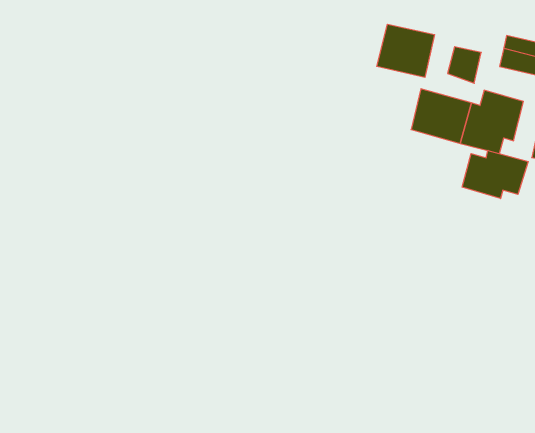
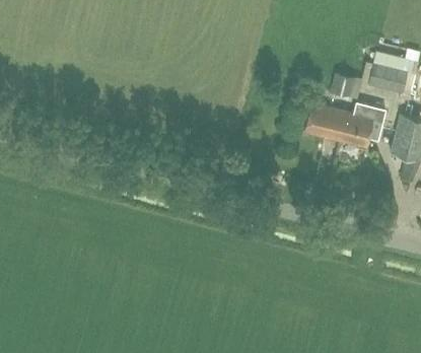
building: [377,24,435,77] -> none
building: [462,150,528,199] -> none

